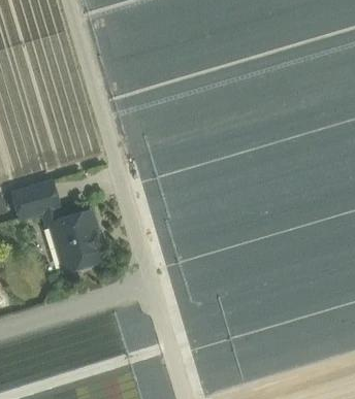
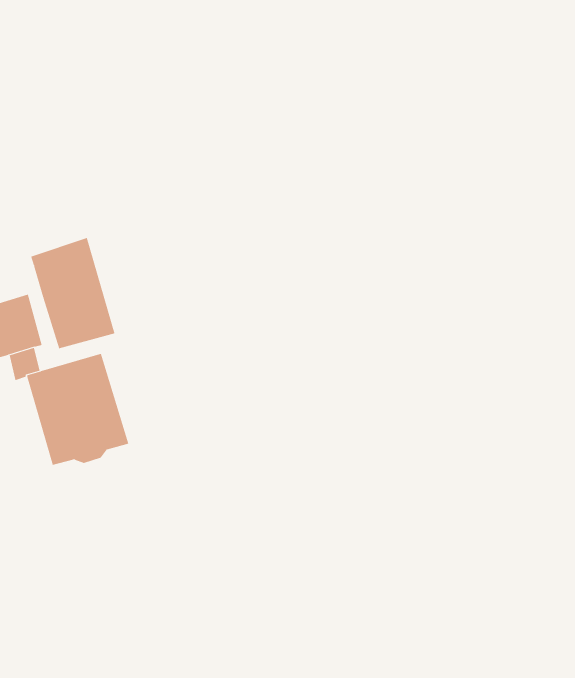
building: none -> [30,237,115,349]

